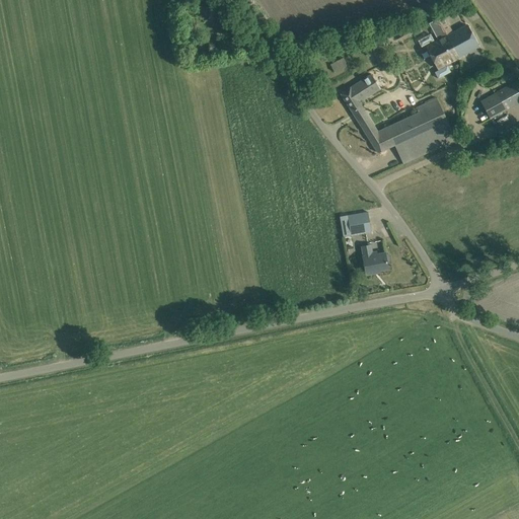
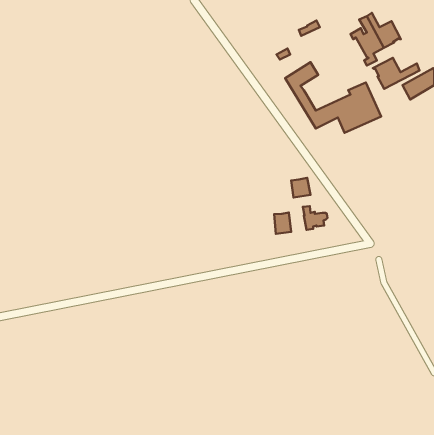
building: none -> [373,58,420,89]
building: none -> [274,213,291,234]

